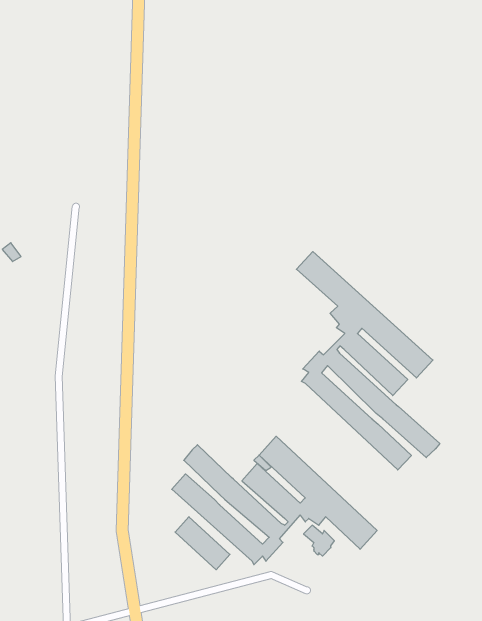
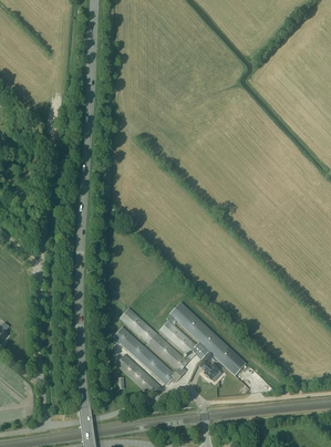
building: [296,252,440,470] -> none

